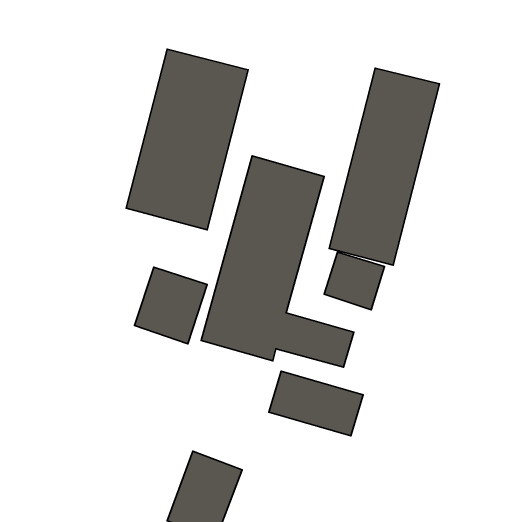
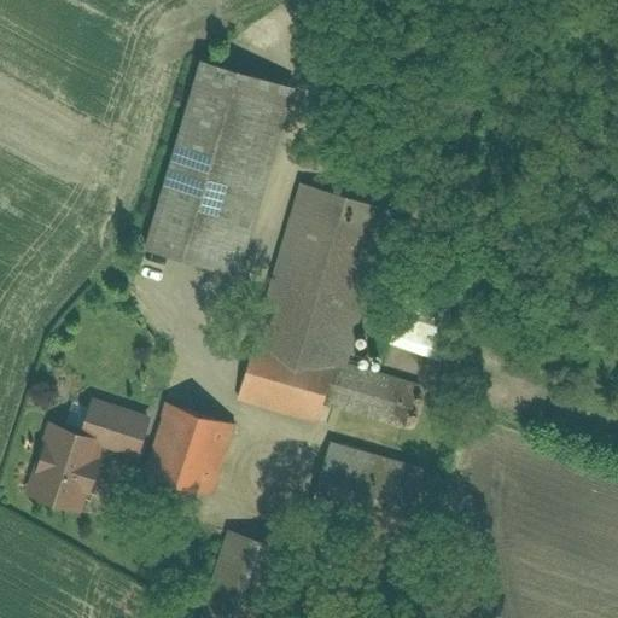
building: [329,68,440,265] -> none
building: [134,267,207,344] -> [145,406,231,496]
building: none -> [27,396,151,512]

